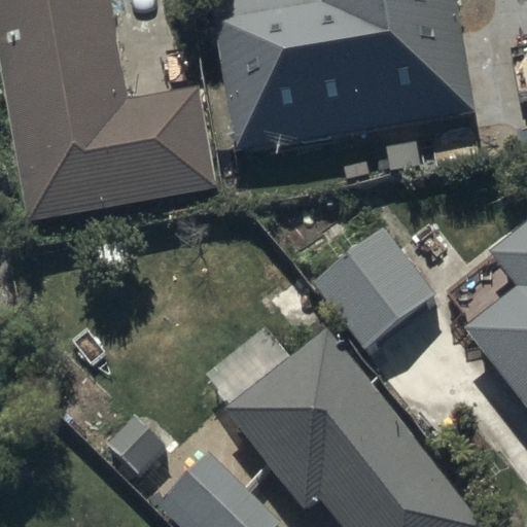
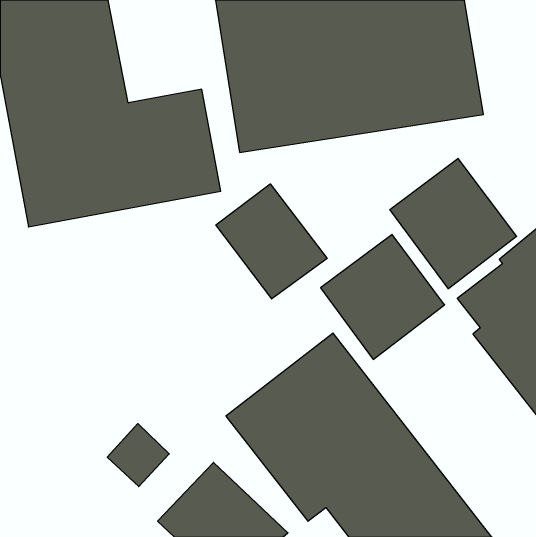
building: none -> [390,158,517,289]
building: none -> [216,184,327,299]

